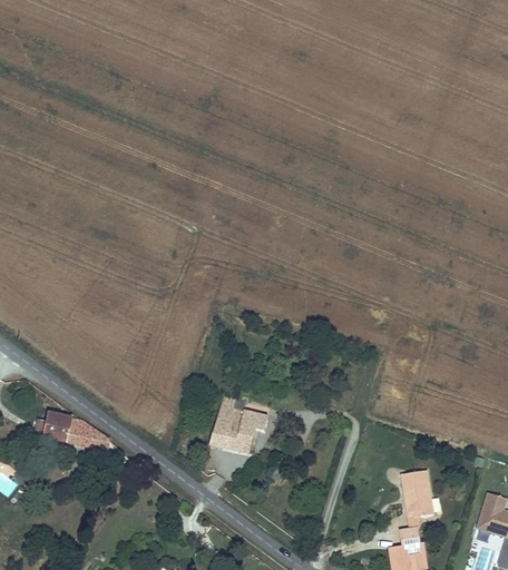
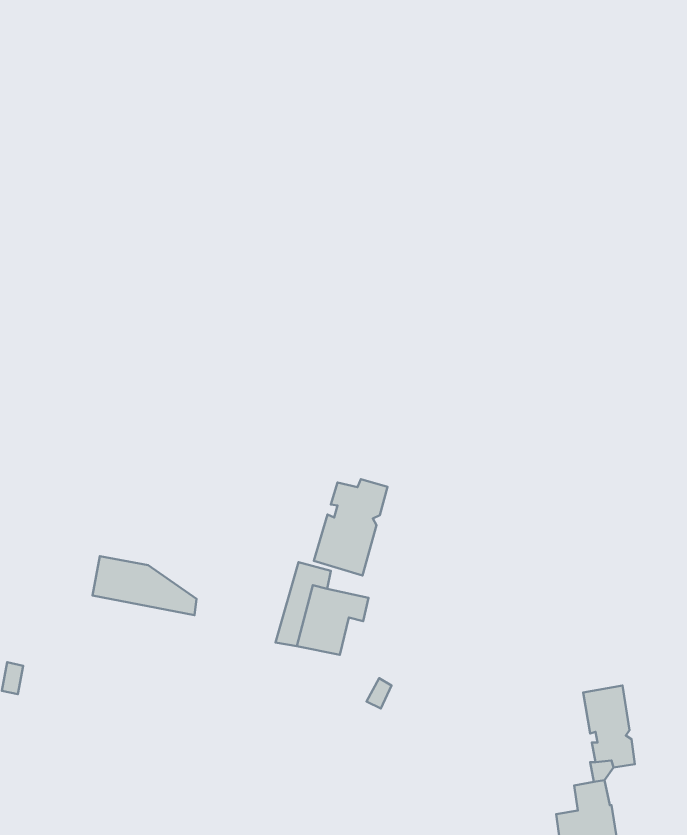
building: none -> [314,479,387,576]
building: [45,413,109,450] -> [93,556,196,615]

